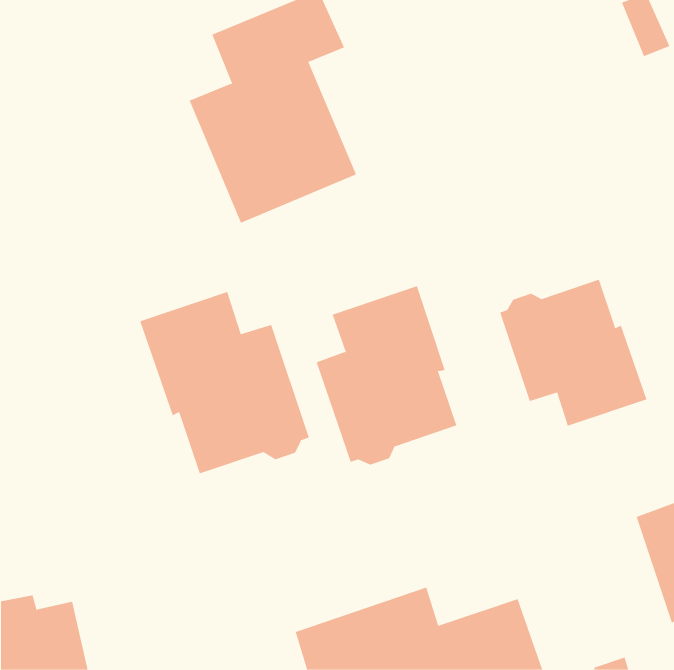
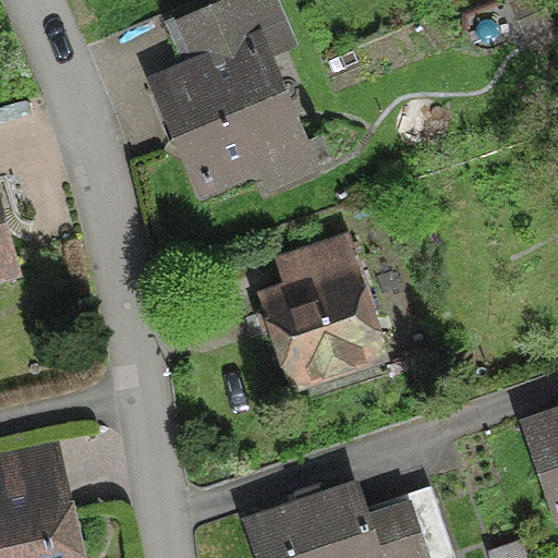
building: [500,279,647,427] -> none
building: [140,291,310,474] -> none

